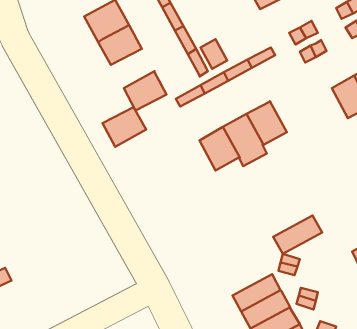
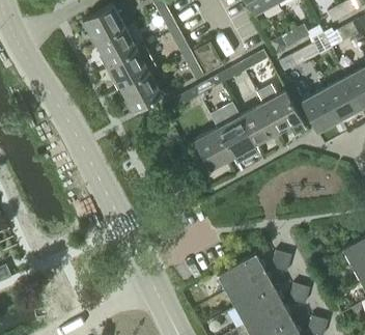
building: none -> [257,84,302,133]
building: none -> [302,90,339,132]
building: [103,107,146,147] -> [109,52,151,90]
building: [273,215,322,254] -> [218,254,265,291]

